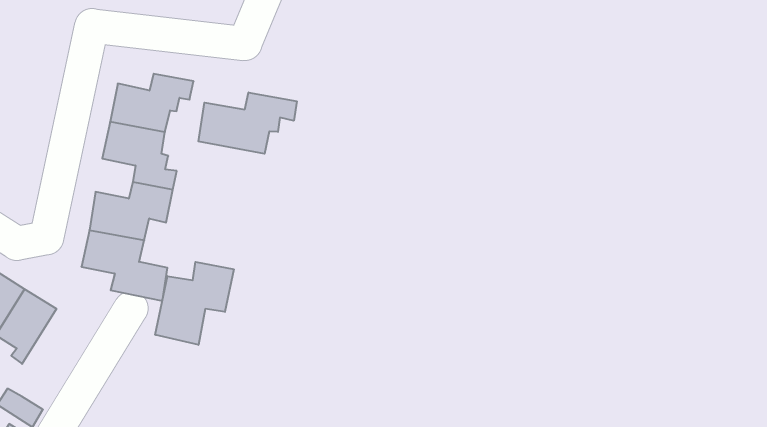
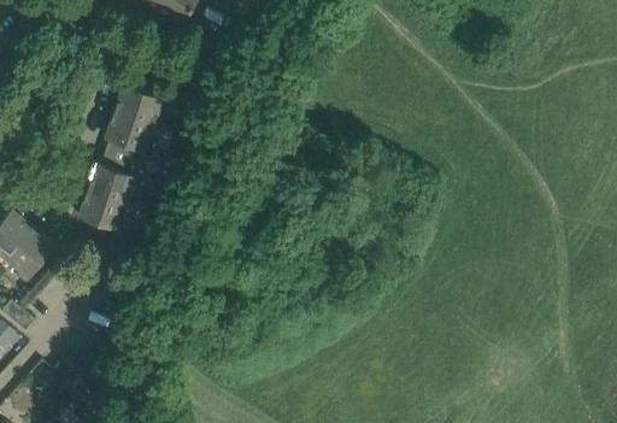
building: [198,92,297,154] -> none
building: [155,262,234,345] -> none

